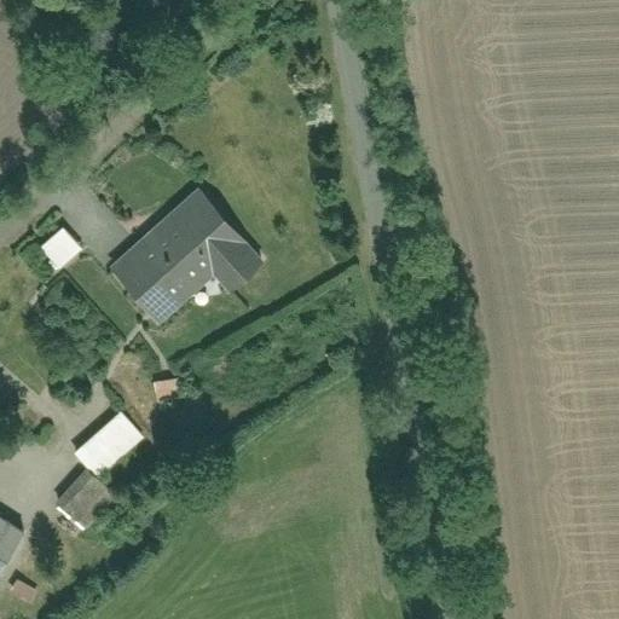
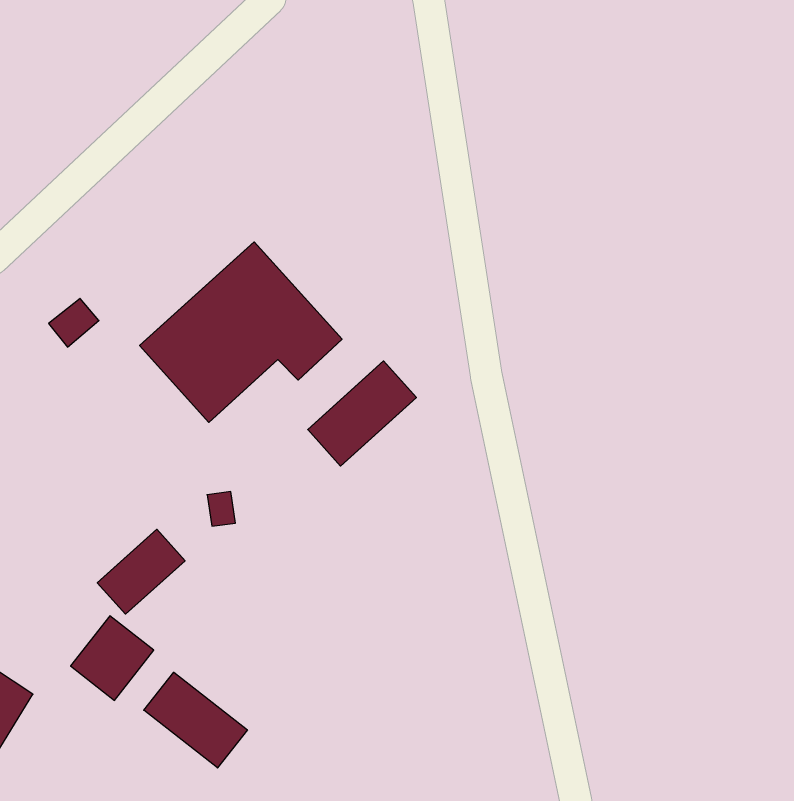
building: none -> [308,361,416,466]
building: none -> [144,672,247,768]

